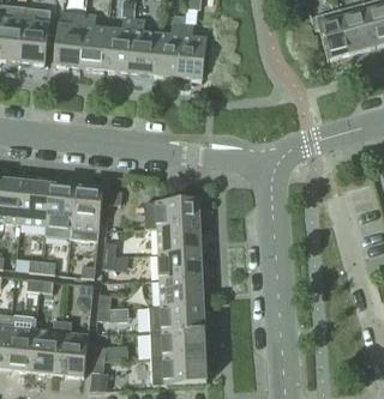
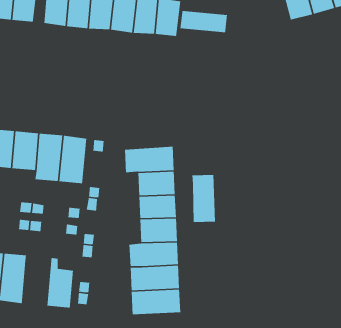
building: none -> [180,10,228,33]
building: none -> [192,174,216,223]
building: [31,320,62,374] -> none

